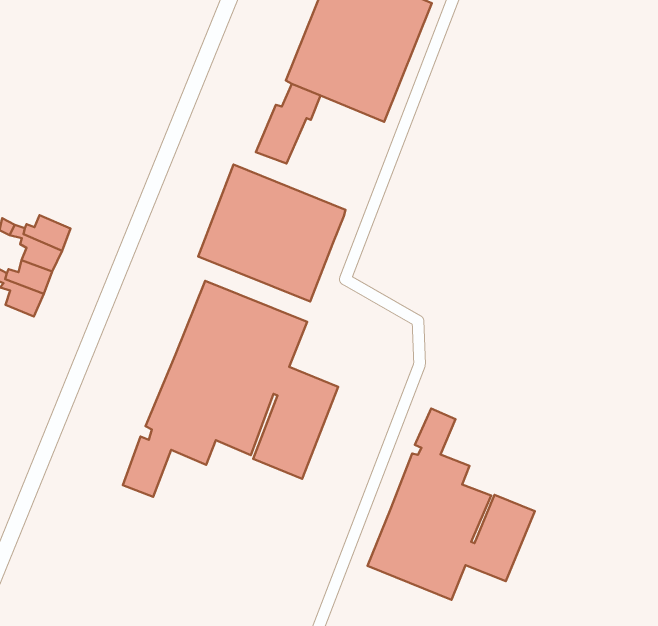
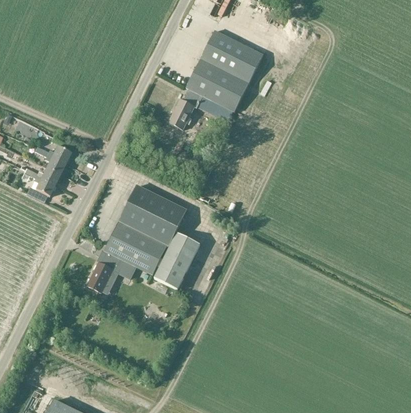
building: [198,165,345,302] -> none
building: [368,408,535,600] -> none

